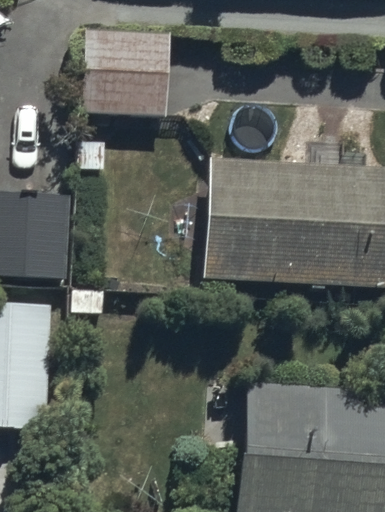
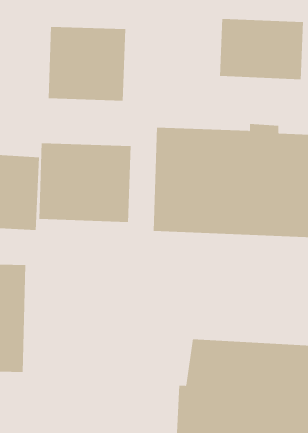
building: none -> [219,18,303,80]
building: none -> [39,142,131,223]

